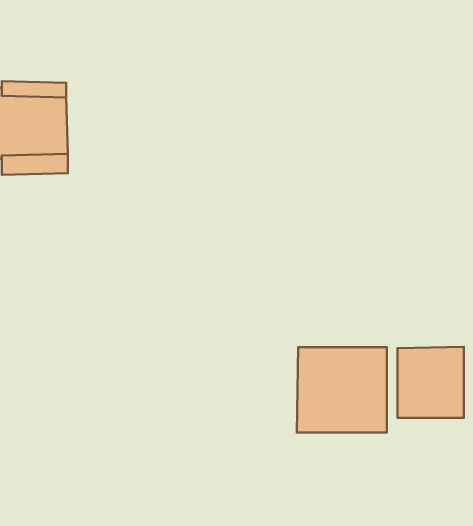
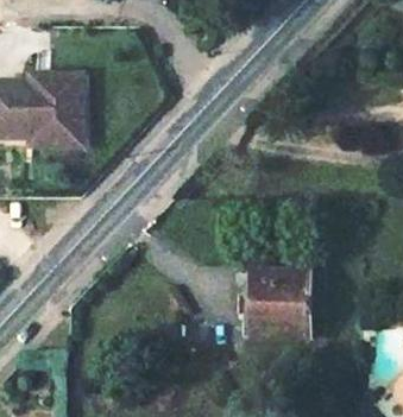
building: [397,347,464,418] -> none

